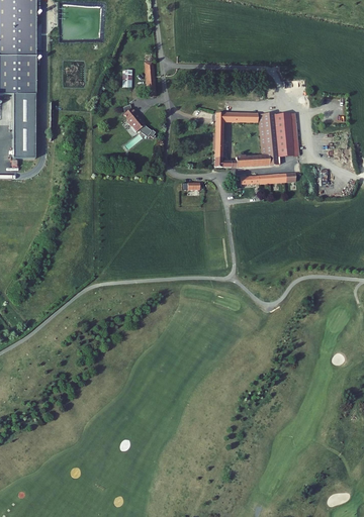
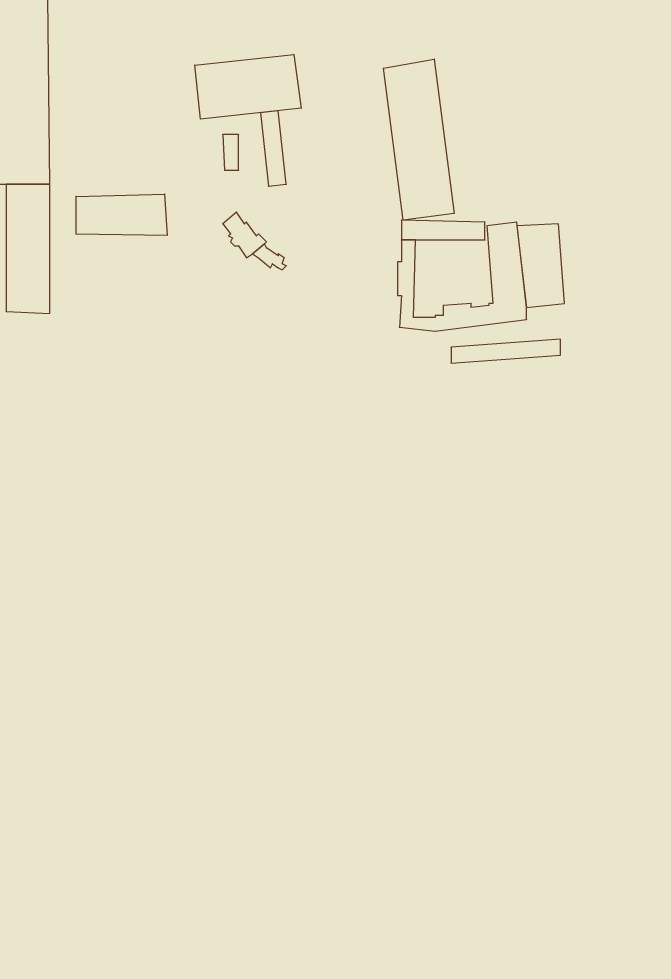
building: none -> [195,54,301,119]
building: none -> [383,59,454,220]
building: none -> [76,194,167,235]

